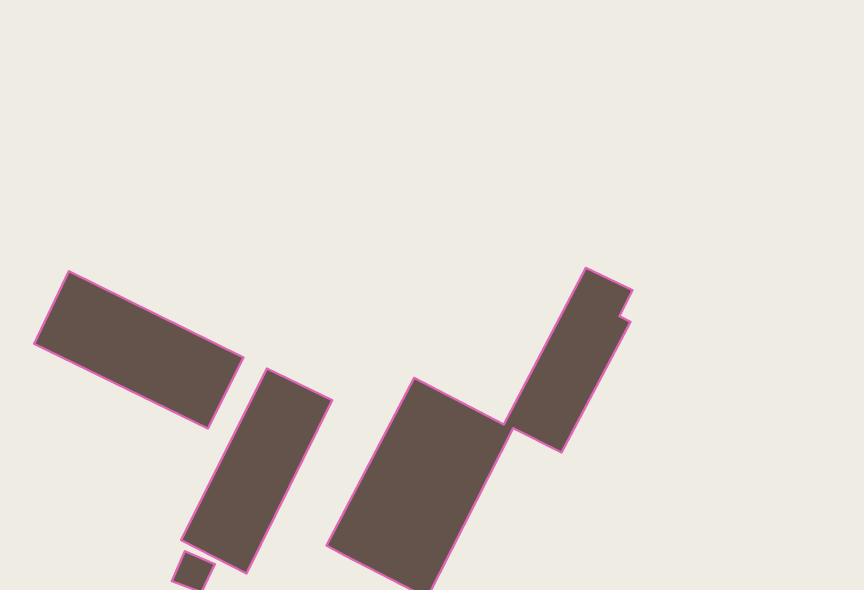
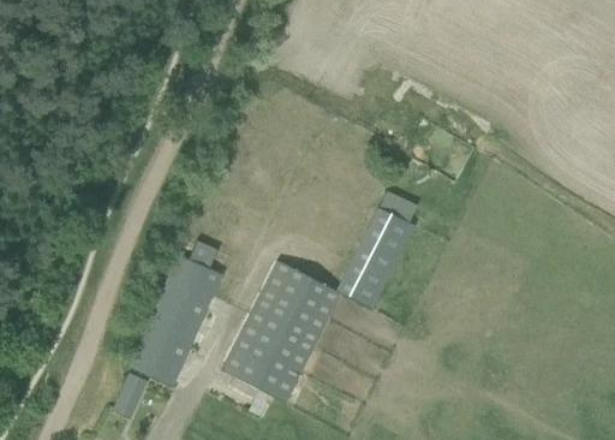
building: [34,271,243,428] -> none

